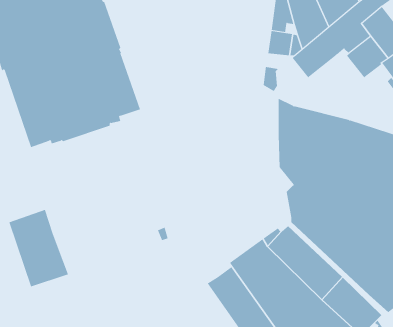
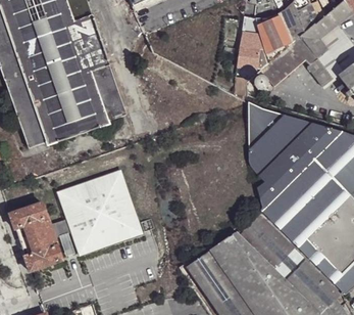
building: none -> [50,171,141,253]

